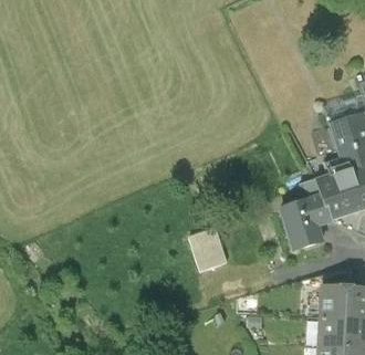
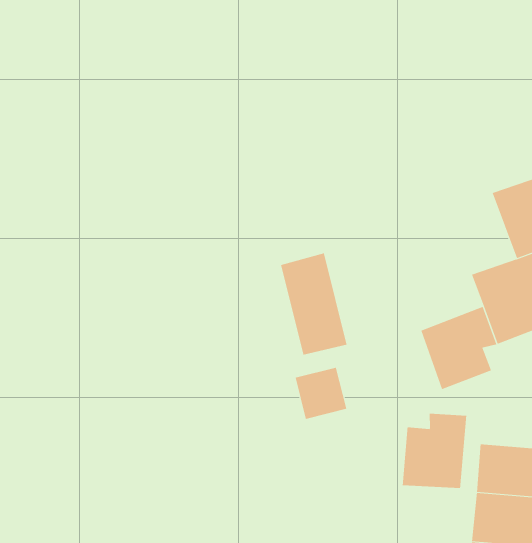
building: none -> [280,252,347,356]
building: none -> [402,413,467,489]

